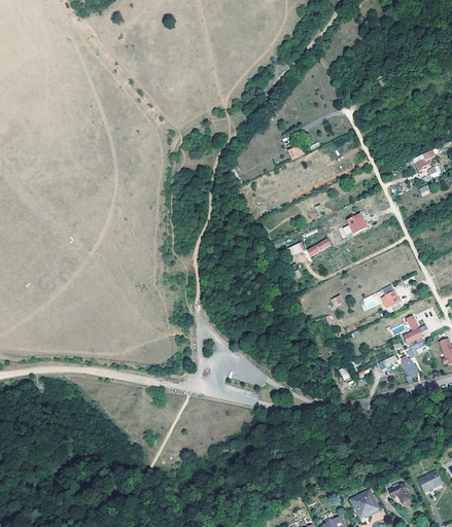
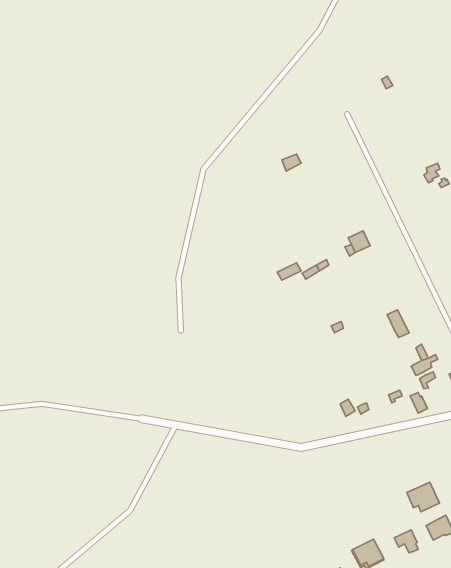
building: none -> [407,482,439,512]

